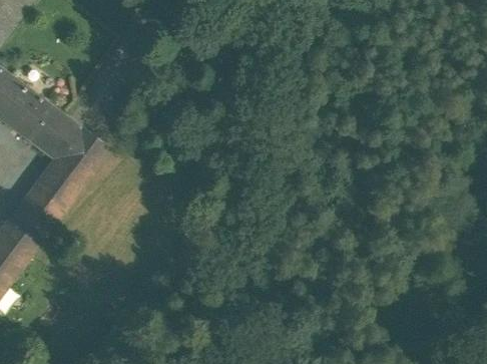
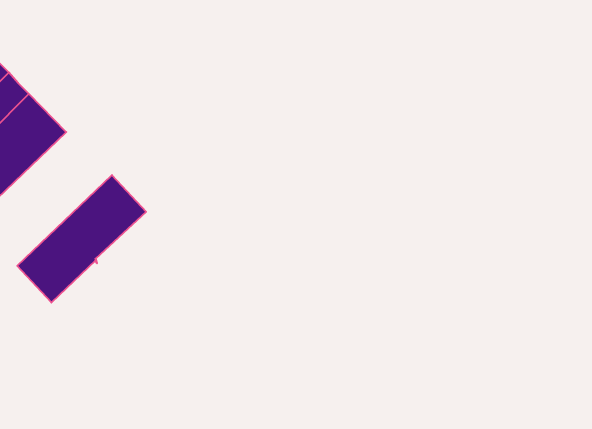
building: none -> [17,175,146,303]

